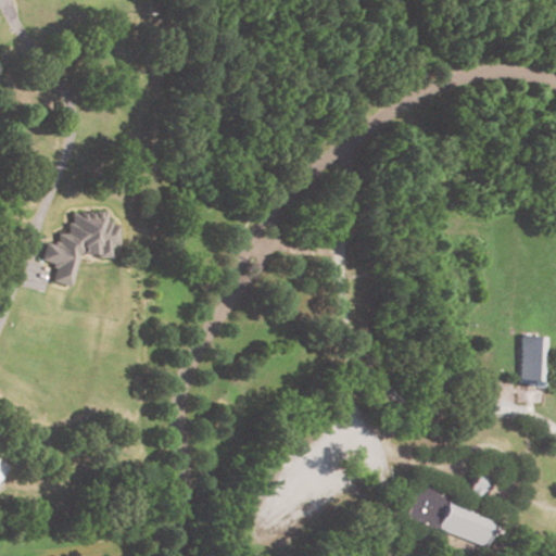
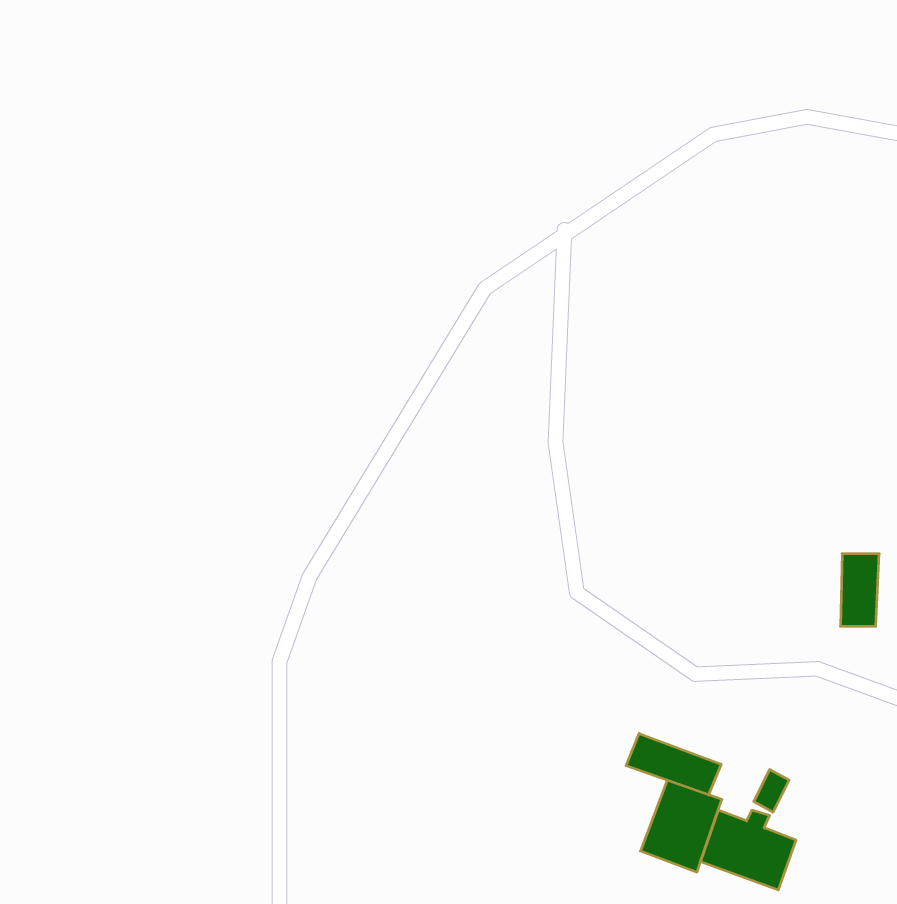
building: [43,211,124,286] -> none
building: none -> [626,733,721,795]

